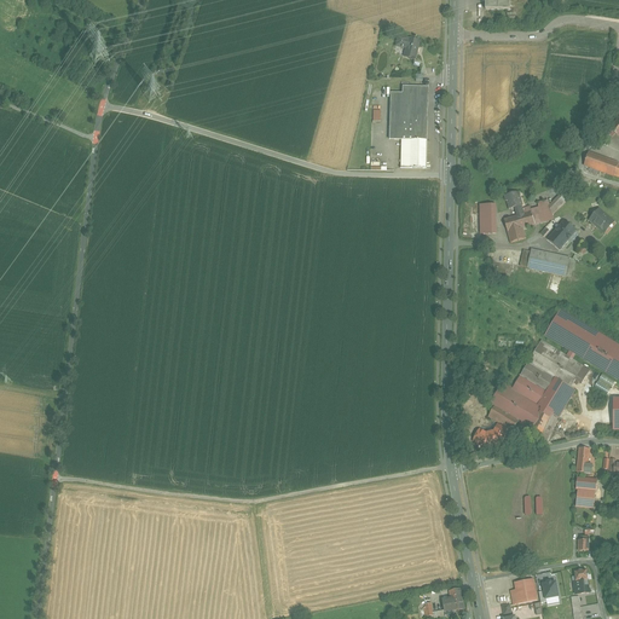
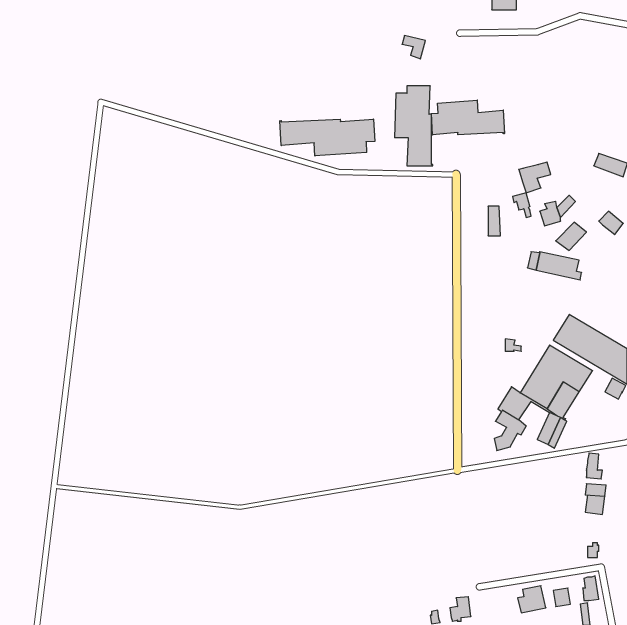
building: none -> [431,100,504,135]
building: none -> [280,119,375,156]
building: [503,210,534,241] -> [519,162,551,193]

